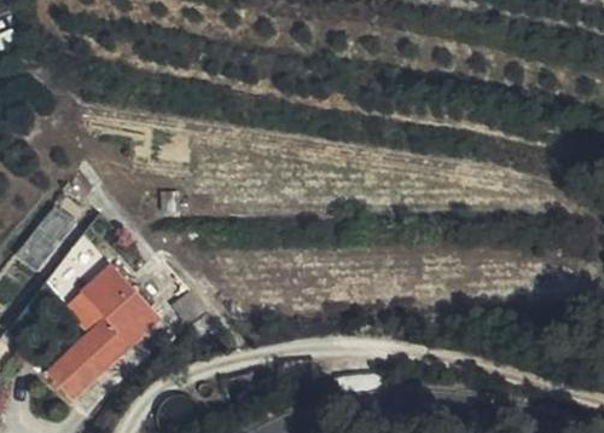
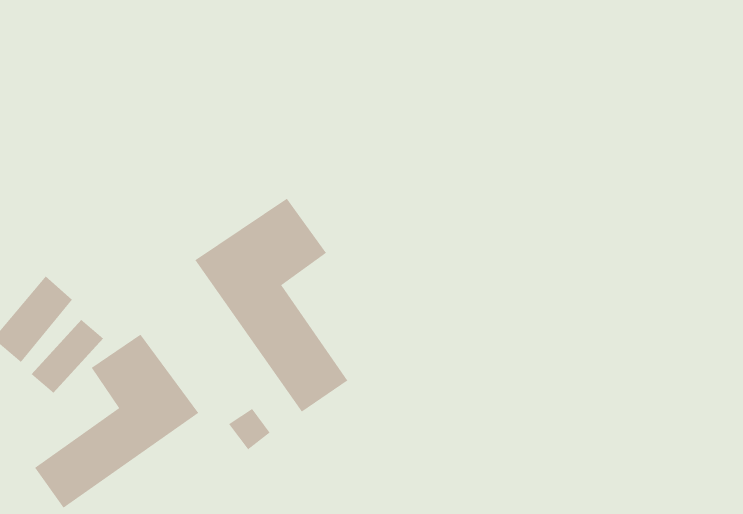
building: none -> [195,198,348,413]

